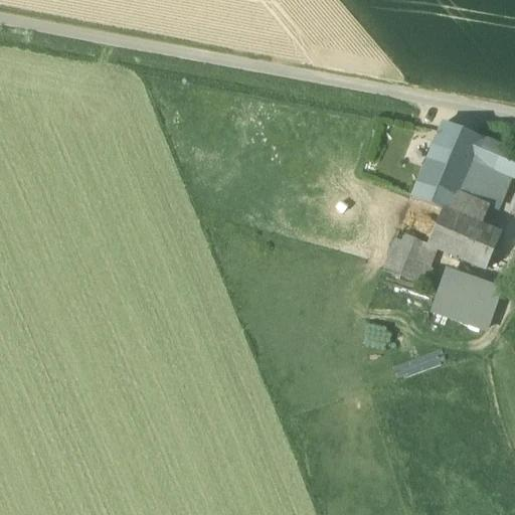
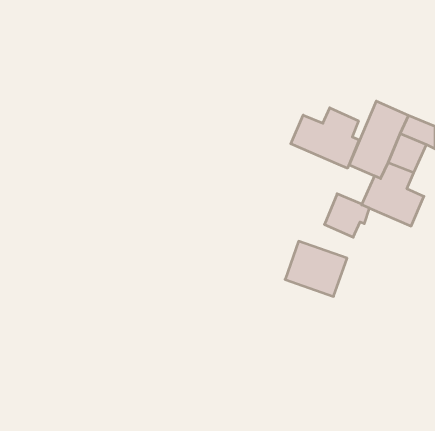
building: none -> [291,108,359,168]
building: [430,266,503,331] -> [285,241,347,296]

